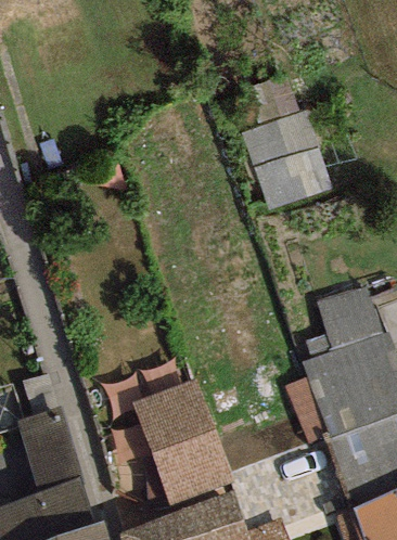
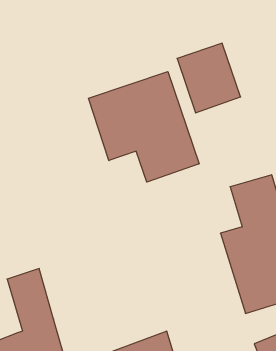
building: none -> [89,72,199,182]
building: [128,378,233,506] -> none

